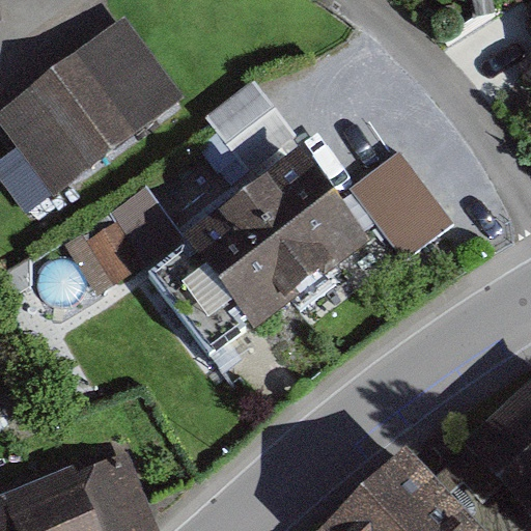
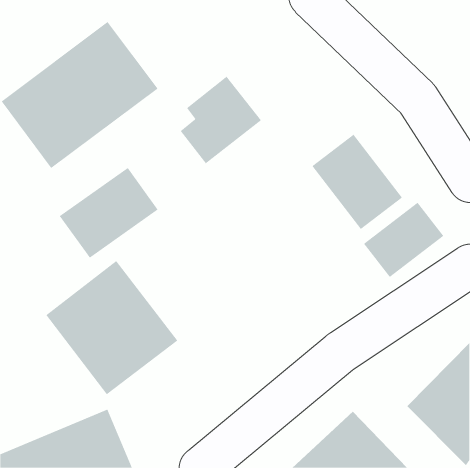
building: [150,163,361,355] -> none
building: none -> [363,202,444,278]
building: none -> [46,260,178,395]

